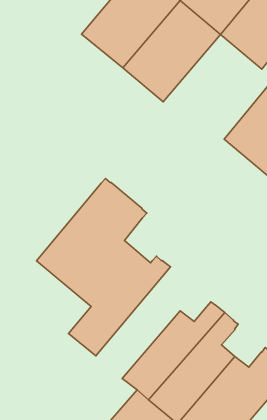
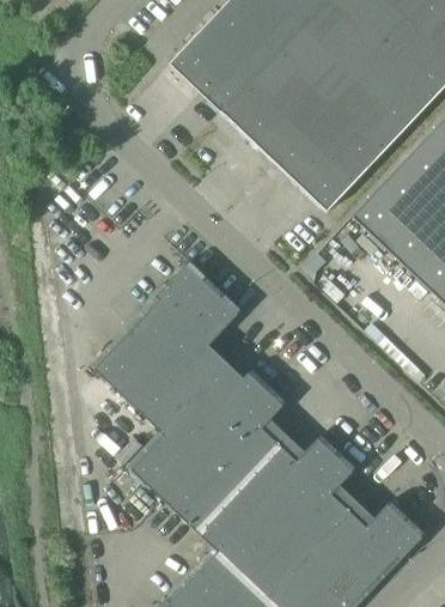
building: none -> [274,75,409,212]
building: none -> [163,384,287,530]

